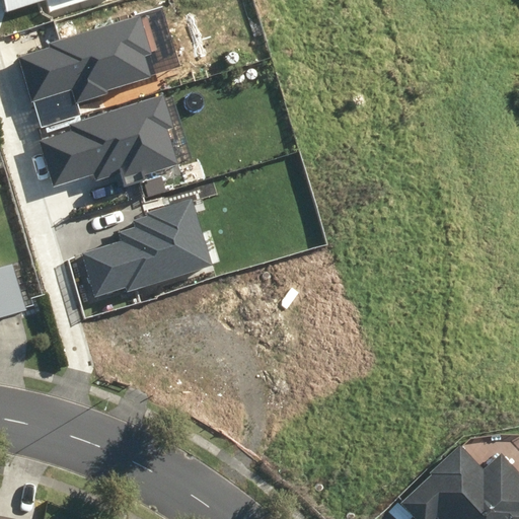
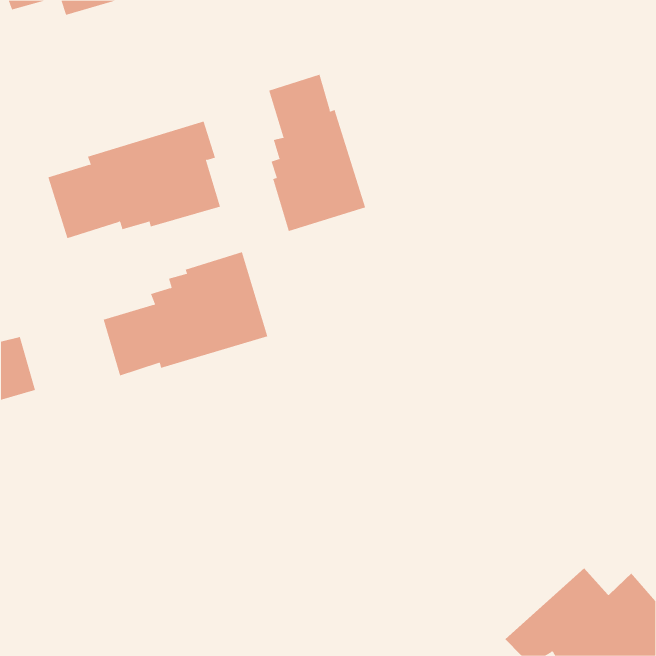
building: [17,15,153,103] -> none
building: none -> [268,74,366,232]

